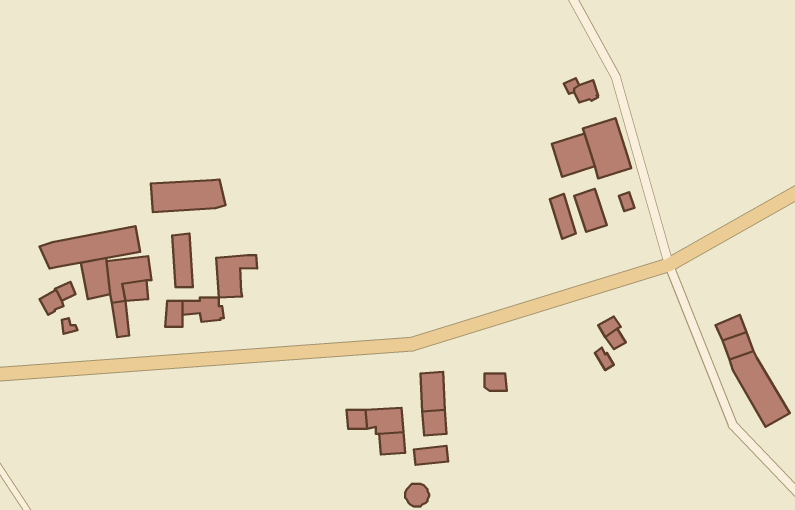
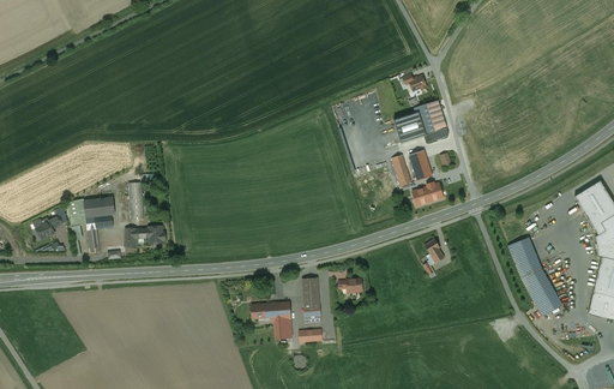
building: [151,179,225,212] -> none
building: [39,226,140,269] -> none
building: none -> [413,181,453,205]
building: [216,255,257,298] -> none

